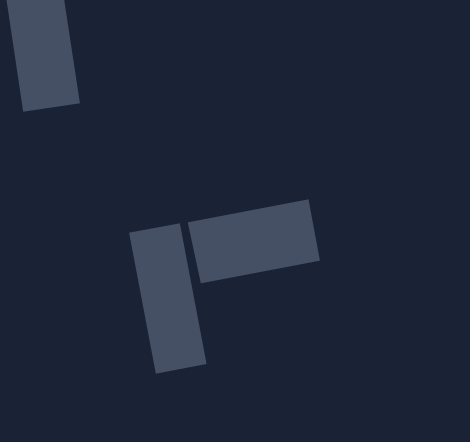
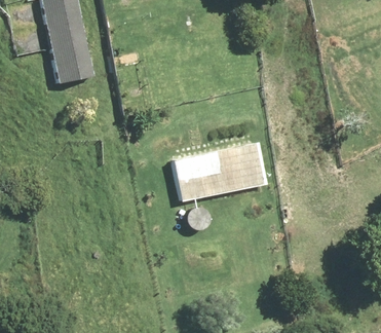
building: [128,222,207,375] -> none

